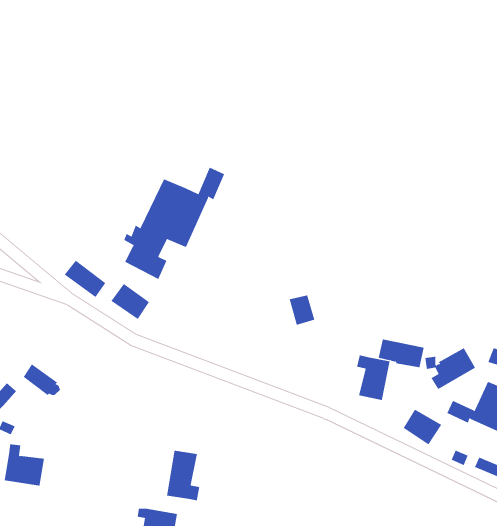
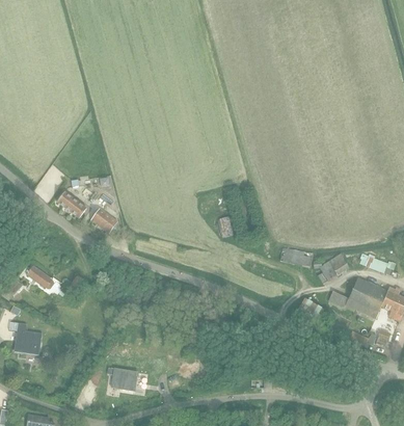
building: [124,167,225,280] -> none
building: [356,354,390,401] -> none
building: [166,450,200,501] -> none

